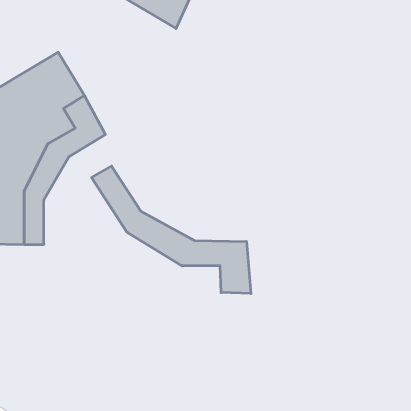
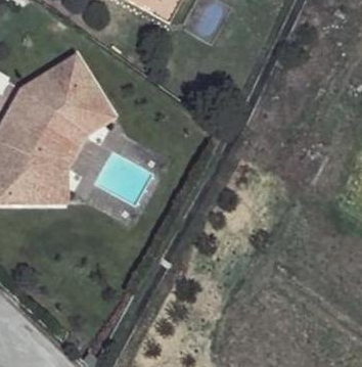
building: [92,166,251,294] -> none

